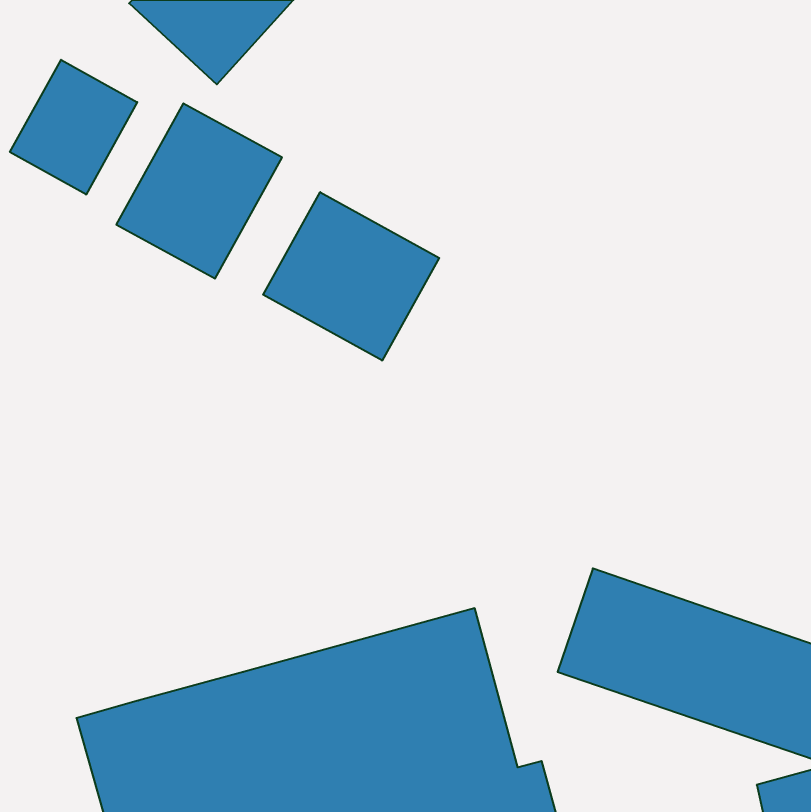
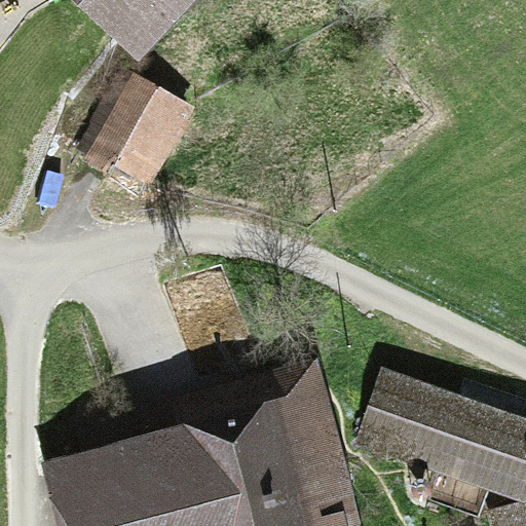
building: [10,60,137,195] -> none
building: [263,192,439,361] -> none

